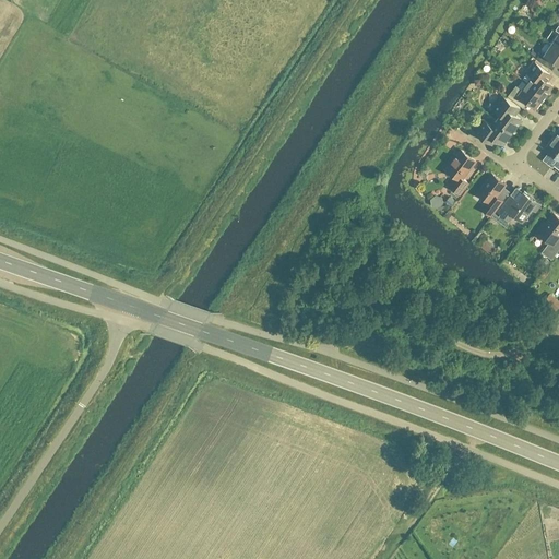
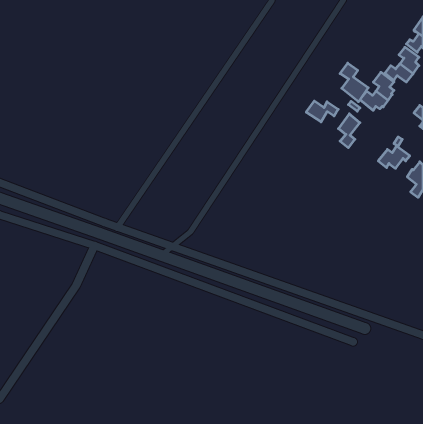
building: none -> [340,63,368,102]
building: none -> [306,101,338,122]
building: [476,174,504,216] -> none

